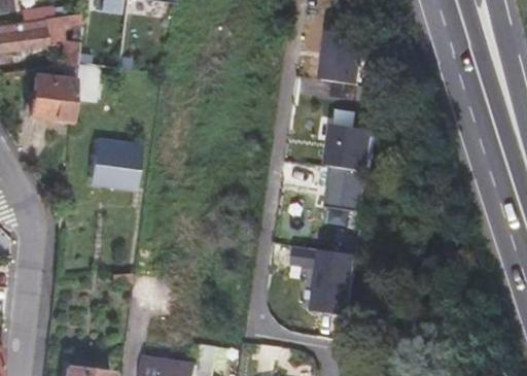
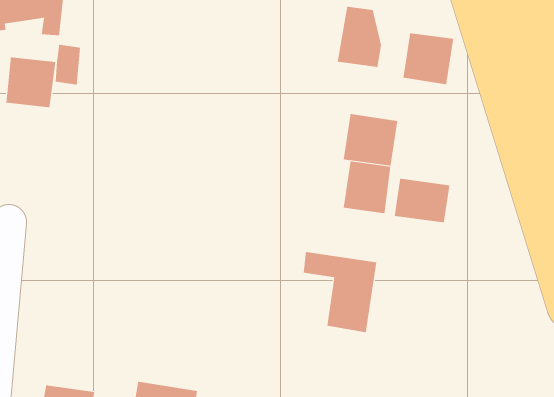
building: none -> [403,33,454,85]
building: [94,142,137,178] -> none
building: none -> [394,178,450,223]

